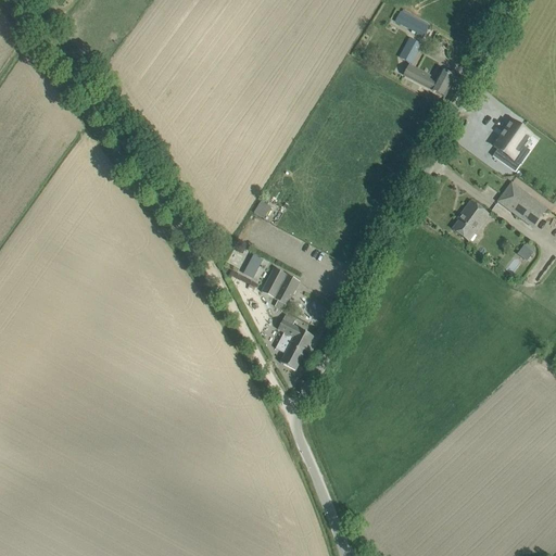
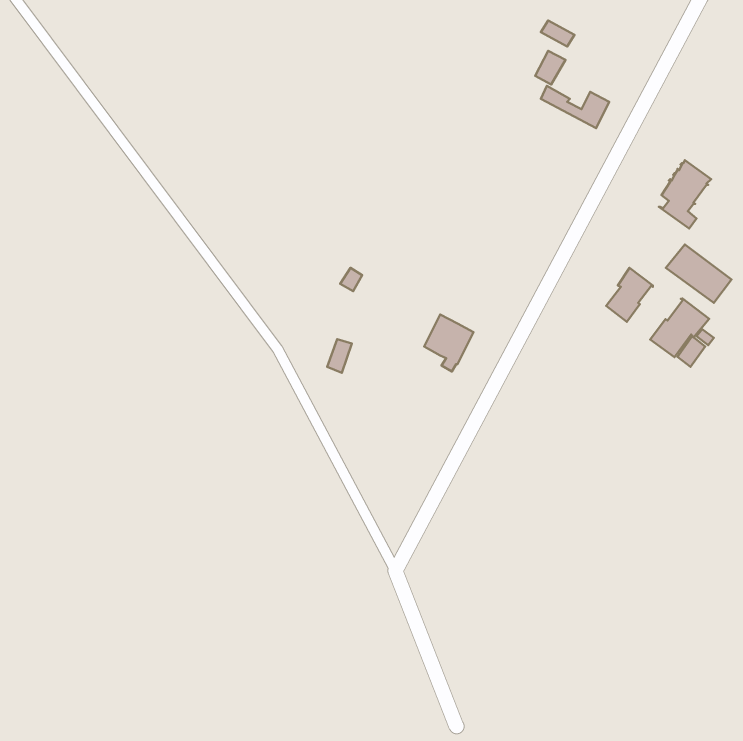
building: none -> [650,298,709,357]
building: [262,267,299,309] -> [424,315,474,371]
building: [276,314,313,369] -> none

